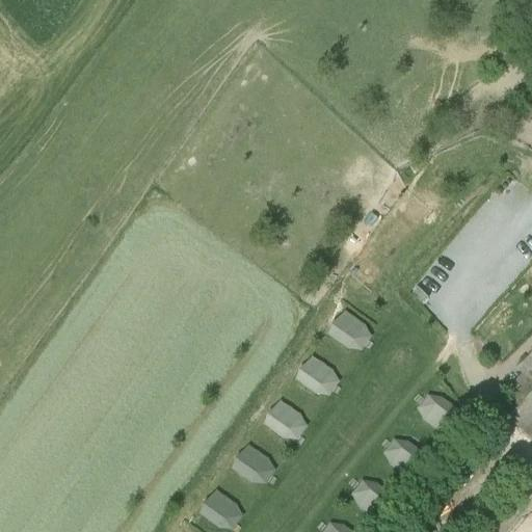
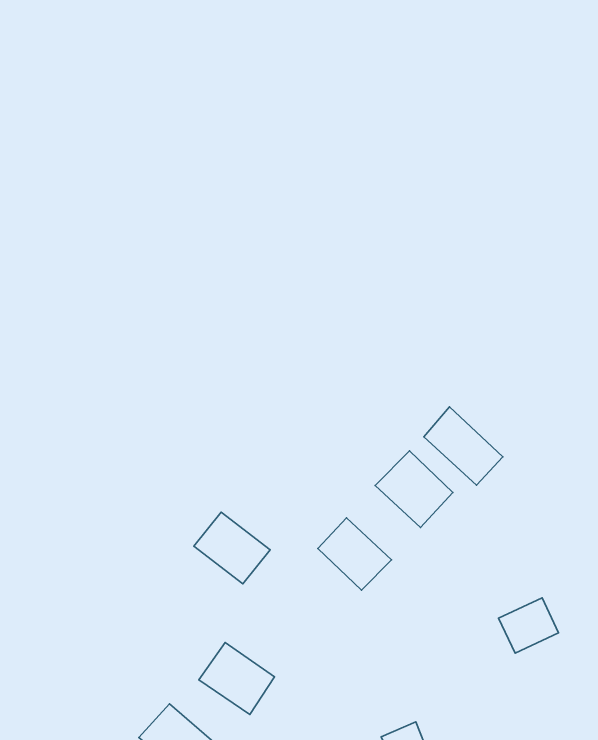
building: none -> [424,407,503,485]
building: [263,399,312,443] -> [194,512,270,584]
building: [382,434,418,470] -> none

